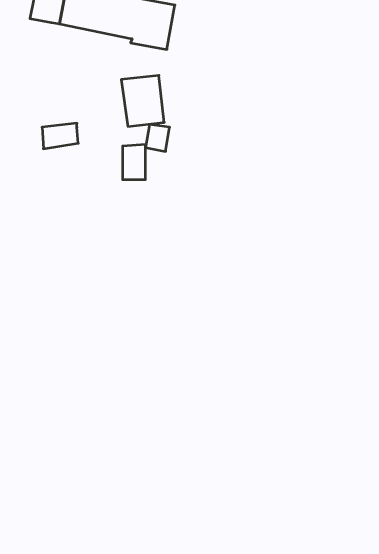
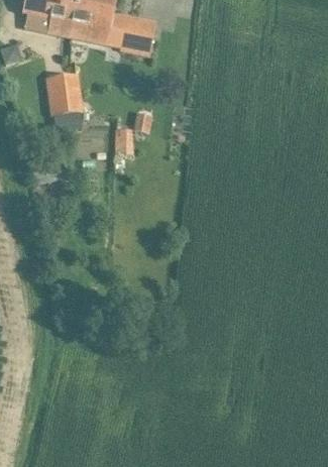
building: [121,75,164,126] -> [49,75,82,113]

